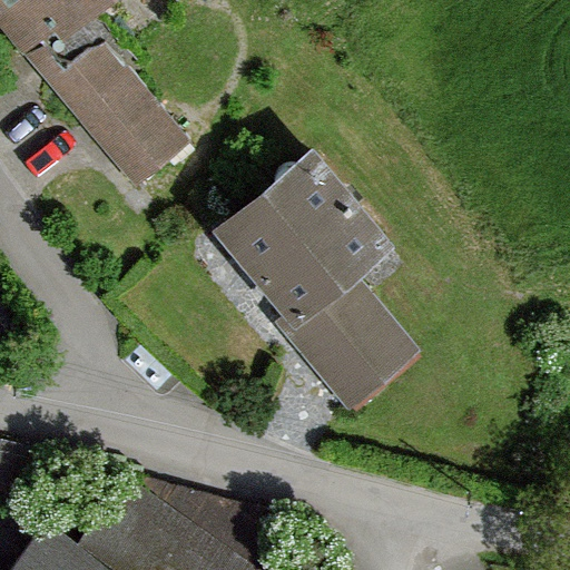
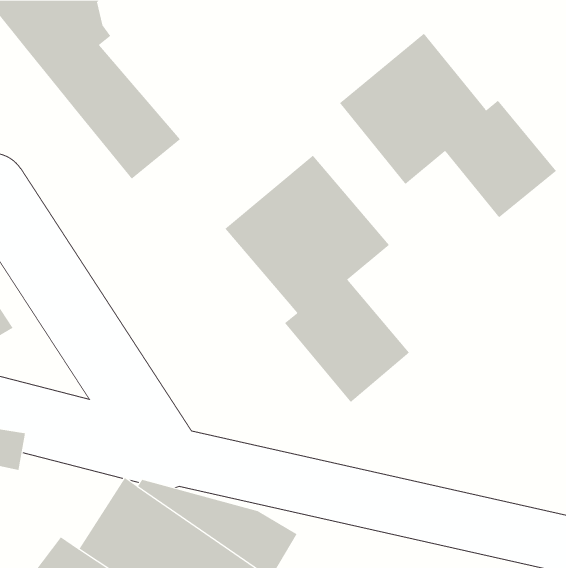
building: none -> [339,33,557,218]

